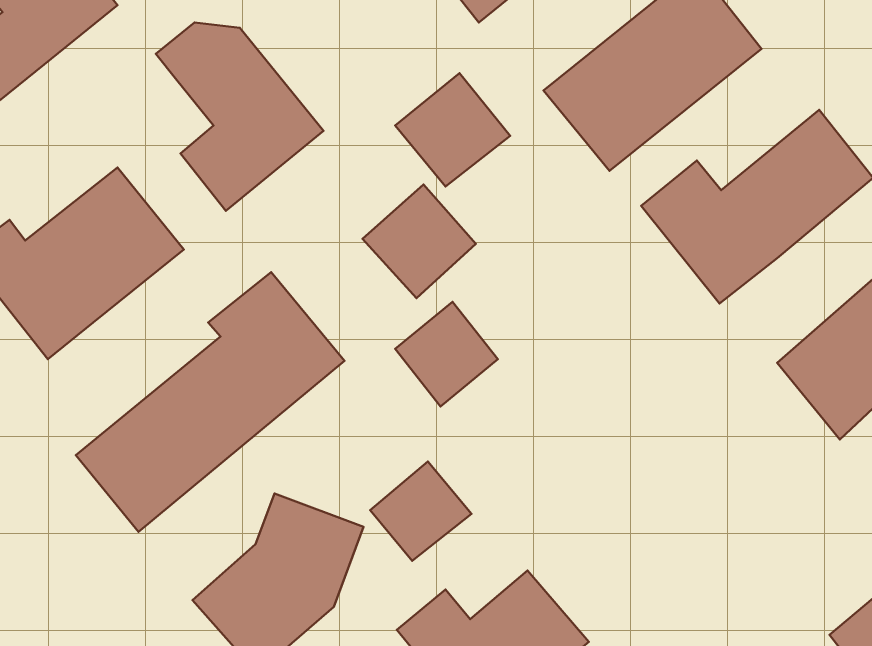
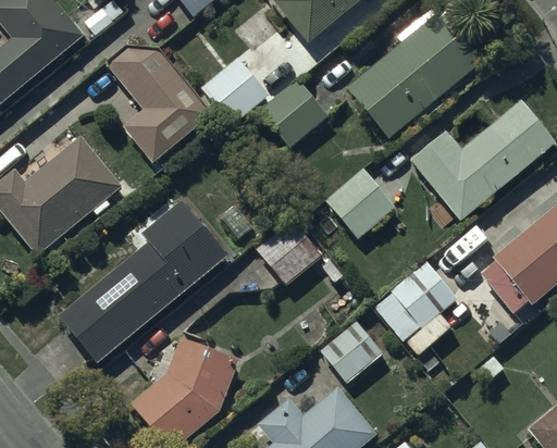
building: none -> [203,58,269,122]
building: [362,185,476,298] -> [326,166,397,237]
building: none -> [374,263,456,341]
building: [370,461,471,561] -> [320,320,383,382]

